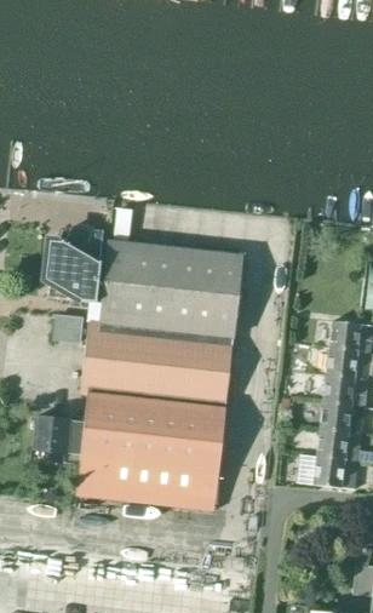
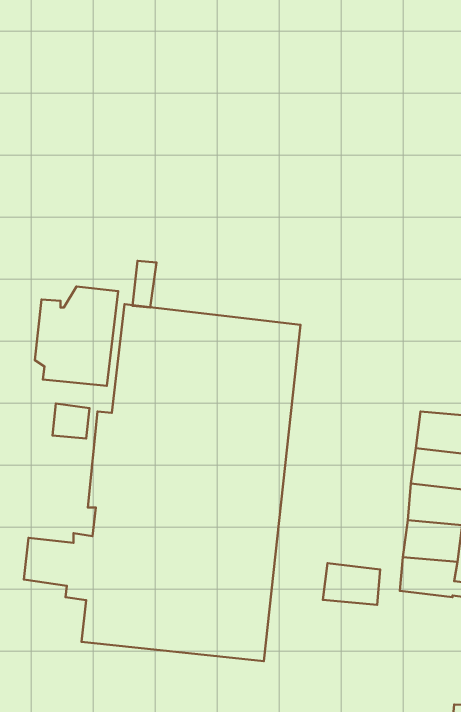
building: [314,457,357,488] -> [323,563,380,605]

